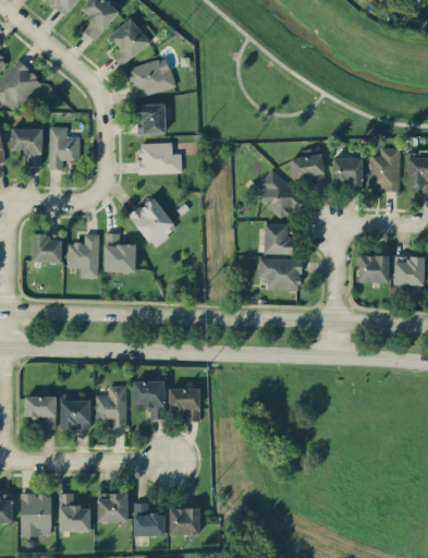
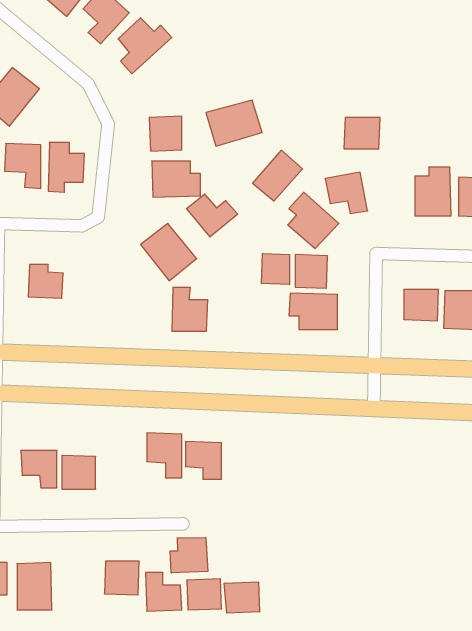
building: [126,58,175,98] -> [206,100,262,146]
building: none -> [253,150,303,201]
building: [331,158,363,185] -> [344,118,380,149]
building: none -> [186,194,238,237]
building: none -> [261,253,289,285]
building: [103,233,135,271] -> [172,287,208,331]
building: [66,234,98,278] -> none
building: [95,386,125,429] -> none
building: none -> [170,537,208,573]
building: [59,494,89,531] -> none
building: none -> [224,582,260,613]

